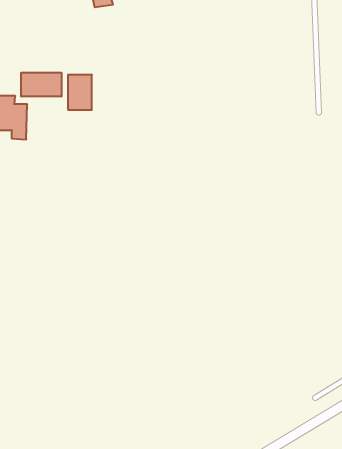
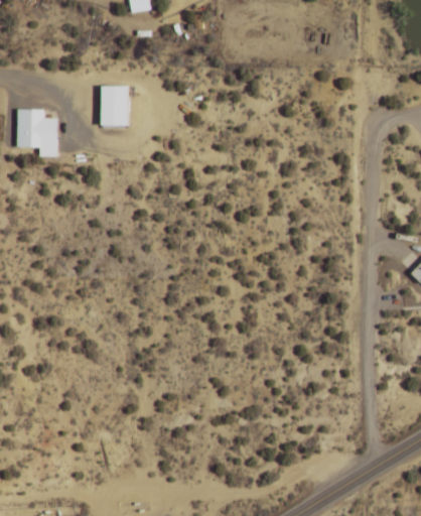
building: [21,73,61,97] -> none

